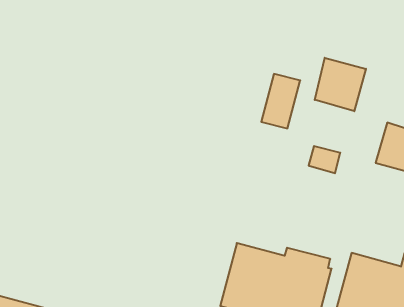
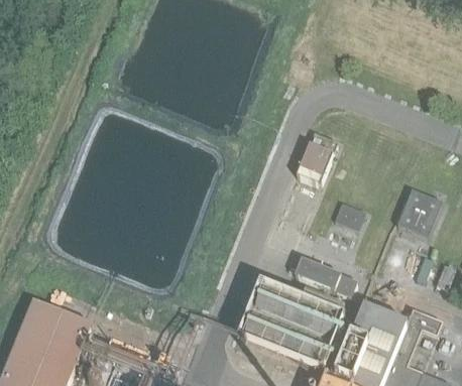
building: [315,58,366,111] -> none
building: none -> [294,258,355,297]

